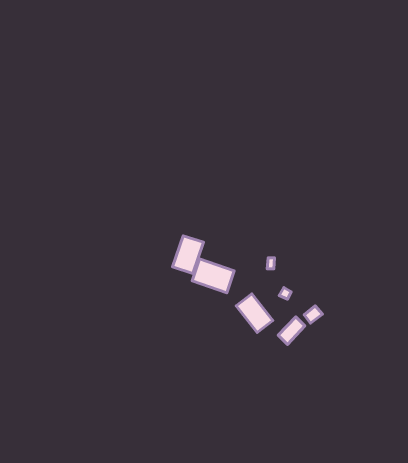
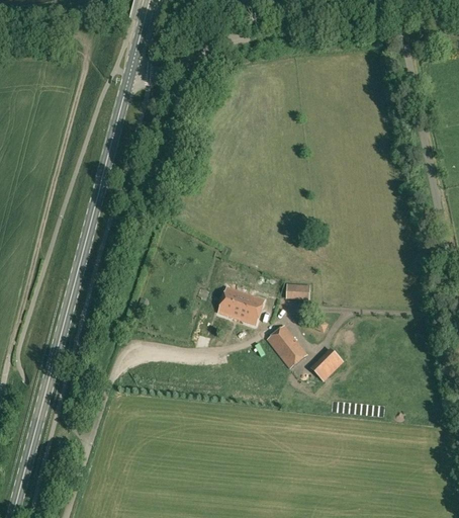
building: [172,236,203,274] -> none

